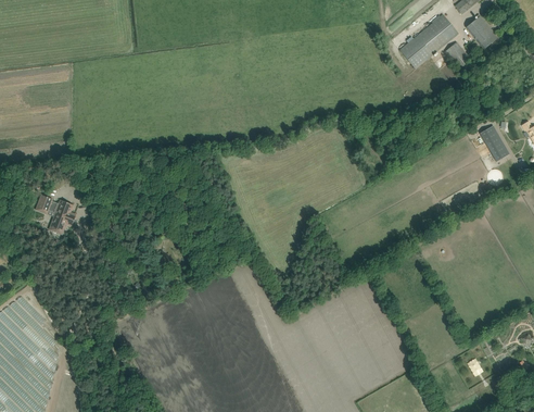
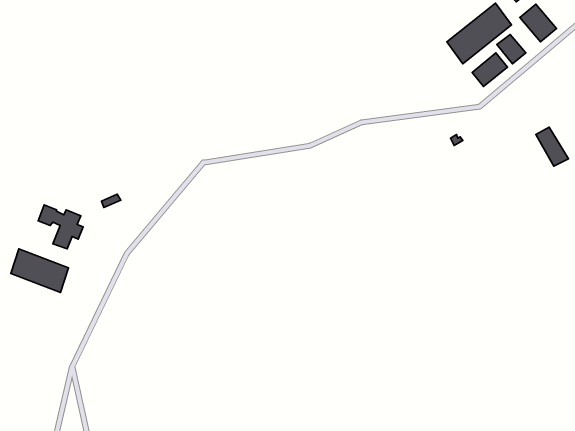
building: none -> [472,53,507,87]
building: none -> [11,249,69,293]

